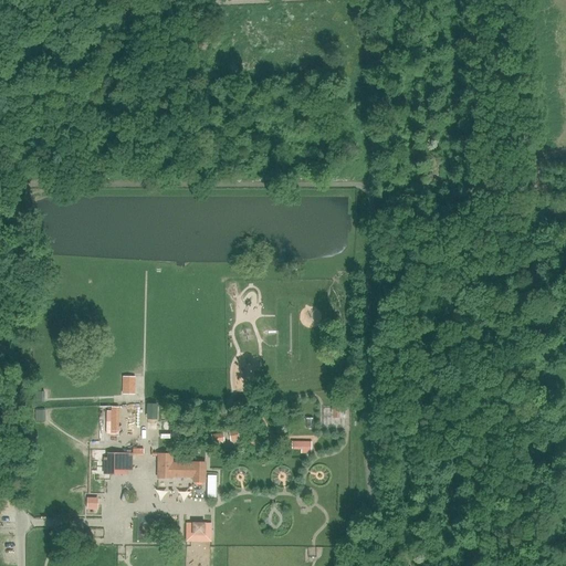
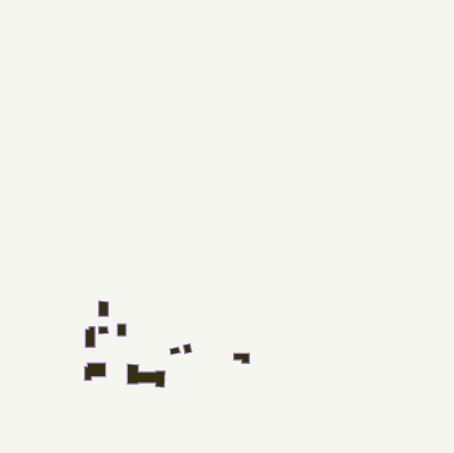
building: [186,523,211,541] -> none

